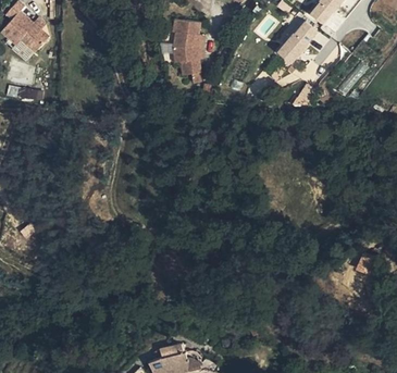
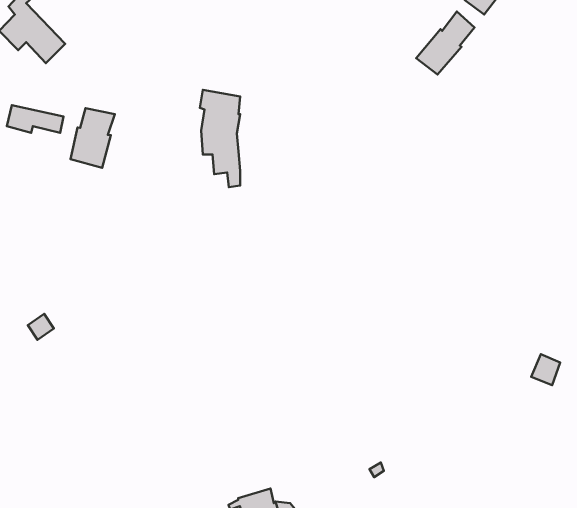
building: [174,17,201,83] -> [200,90,240,187]
building: none -> [70,108,115,168]

